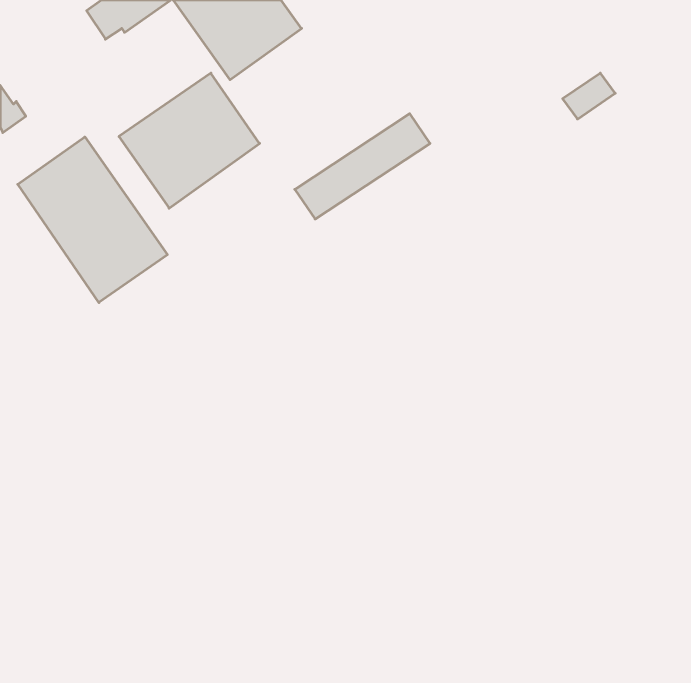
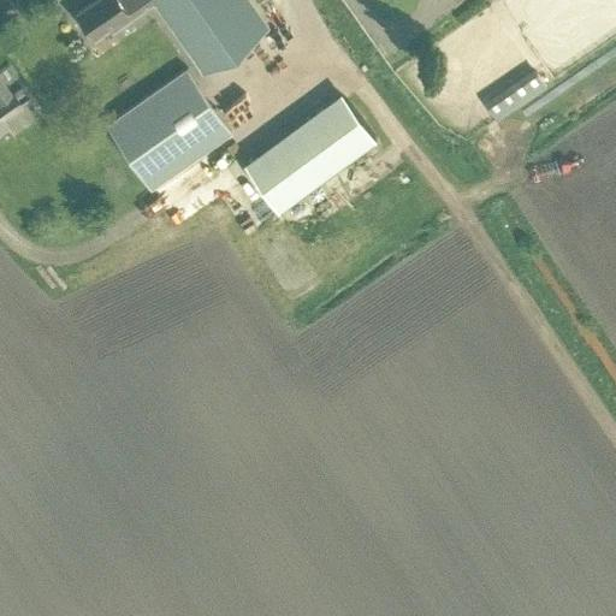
building: none -> [251,87,361,172]
building: [18,137,167,303] -> none

